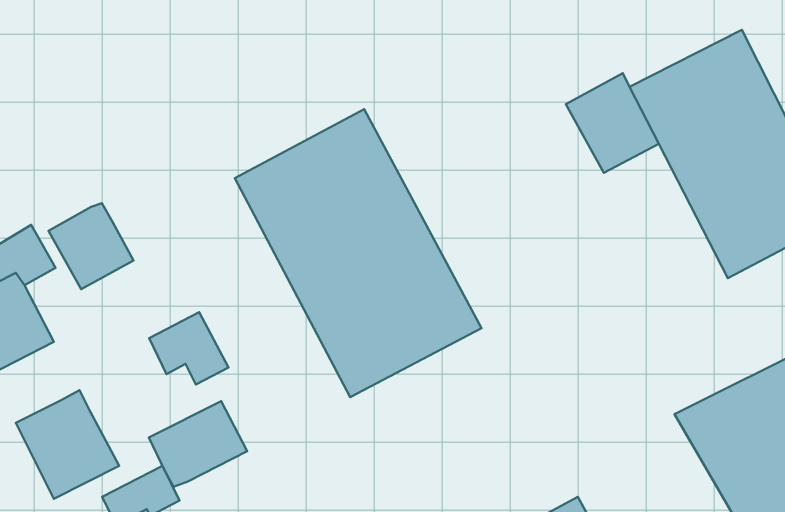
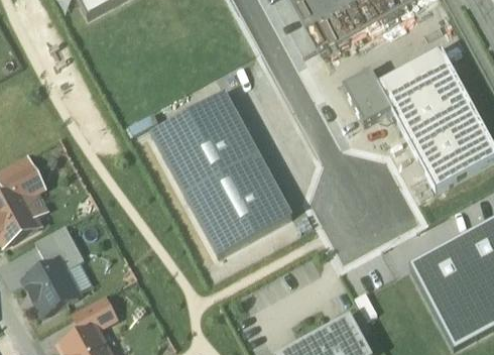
building: [49,203,133,289] -> none
building: [149,312,228,385] -> [37,223,84,265]
building: [149,401,247,487] -> none

